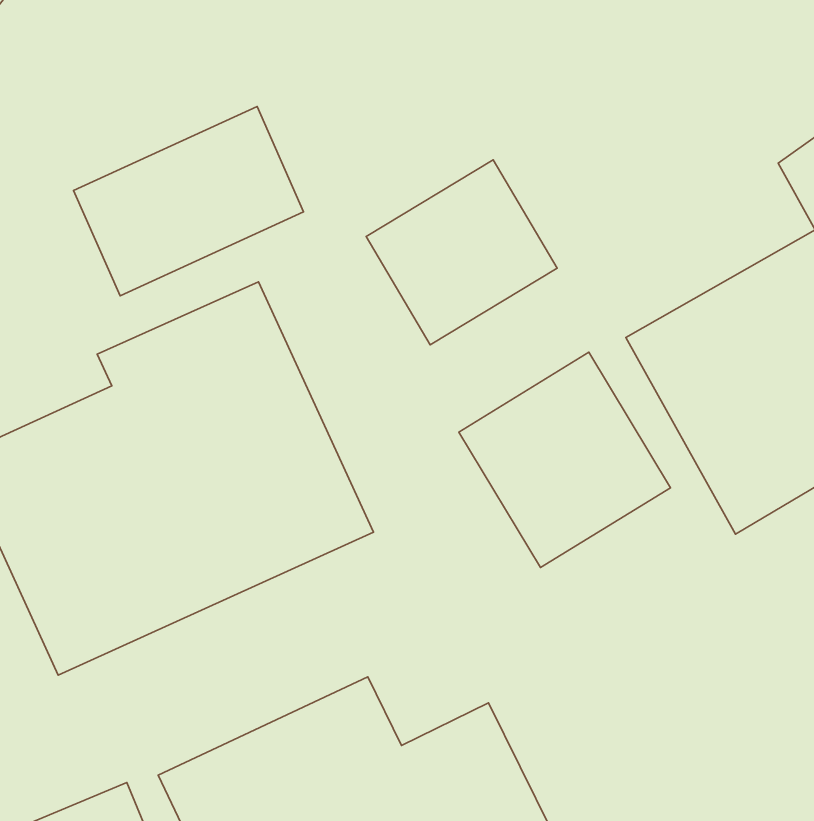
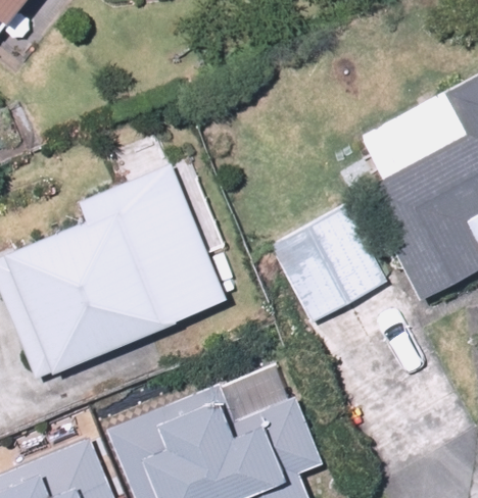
building: [74,106,303,296] -> none
building: [366,160,557,345] -> none

